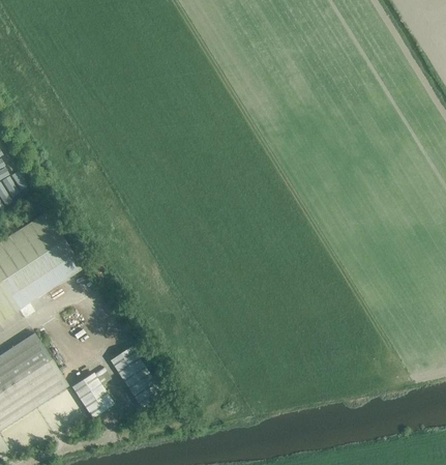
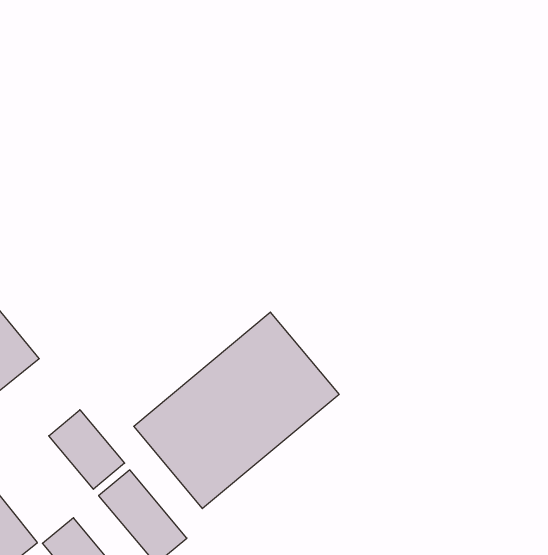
building: none -> [134,312,339,509]
building: none -> [49,410,125,489]

